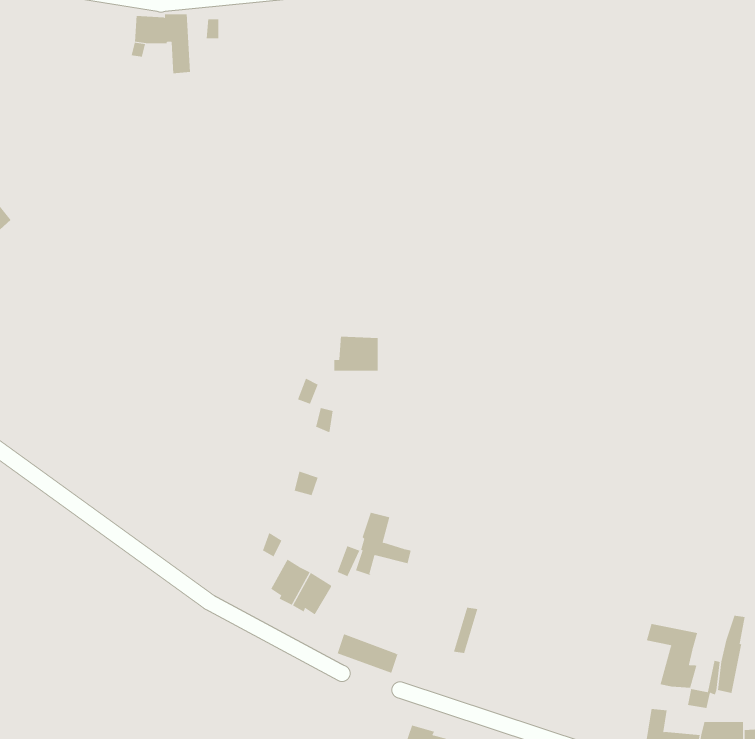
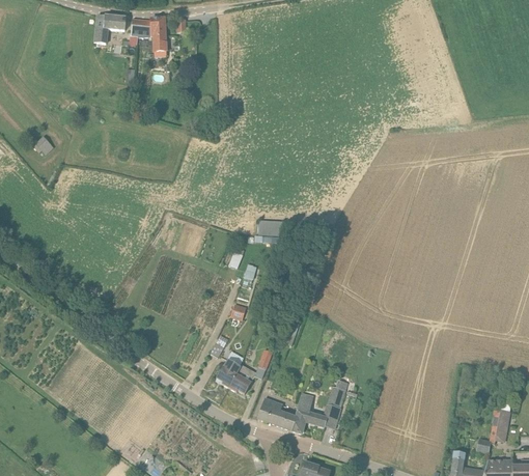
building: none -> [93,15,126,43]
building: [355,512,412,575] -> [291,393,327,432]
building: [646,623,698,688] -> none

